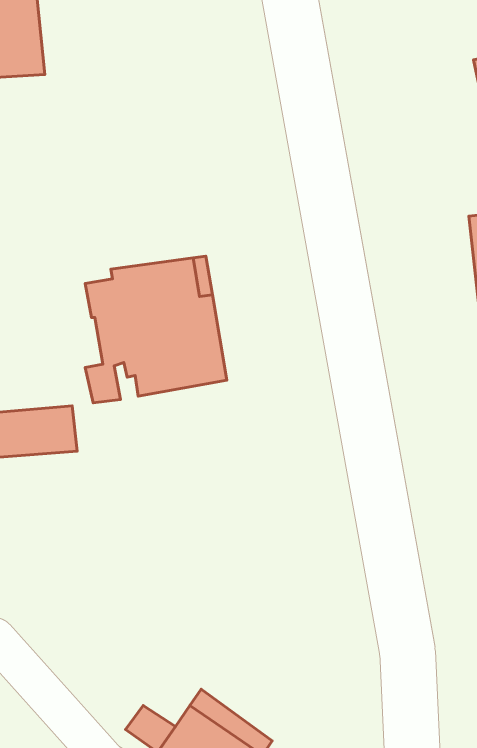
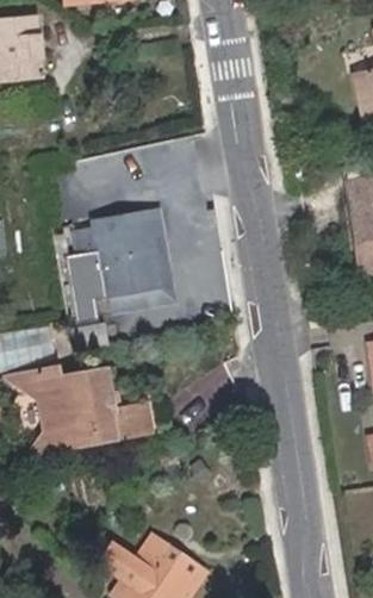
building: none -> [18,369,147,440]

